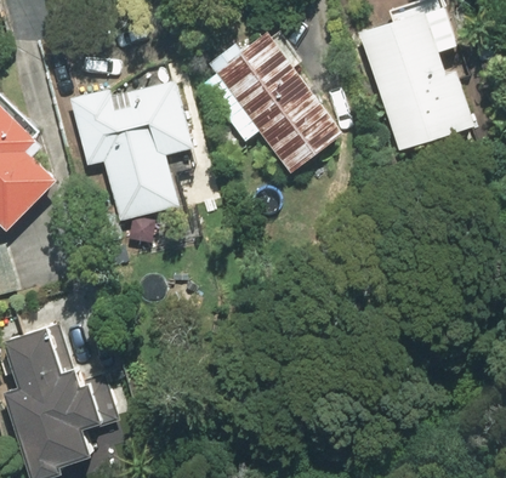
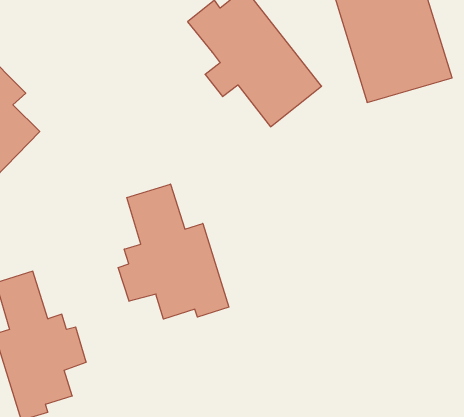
building: [67,78,194,224] -> none
building: none -> [118,184,229,319]

